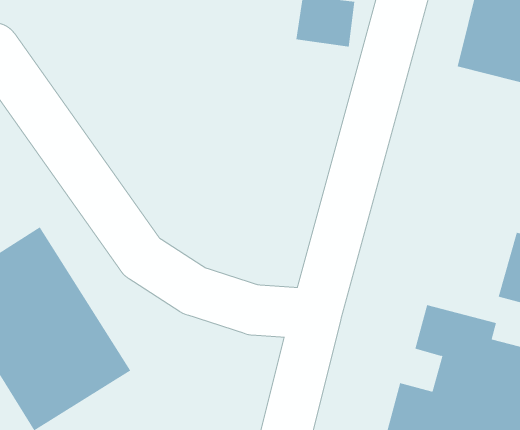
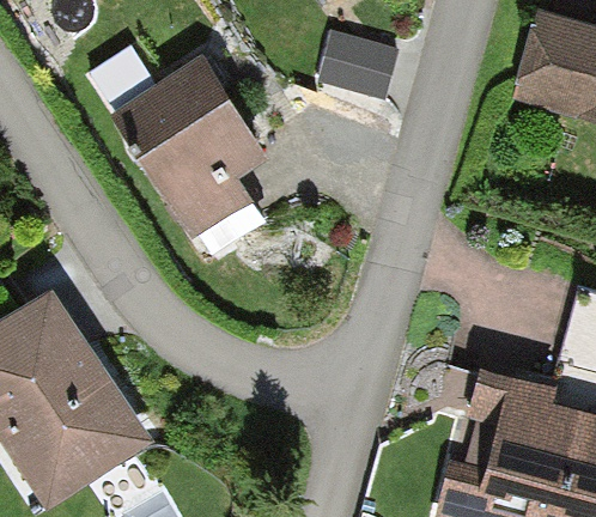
building: none -> [104,55,261,263]

